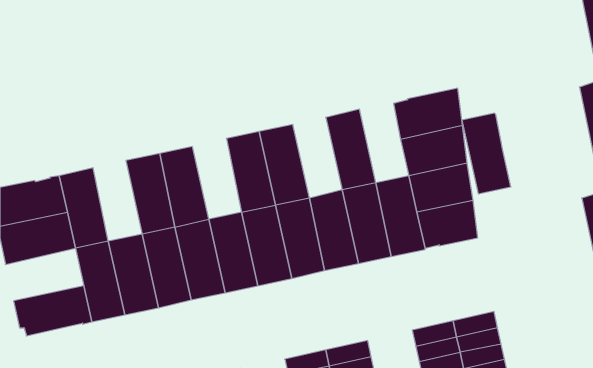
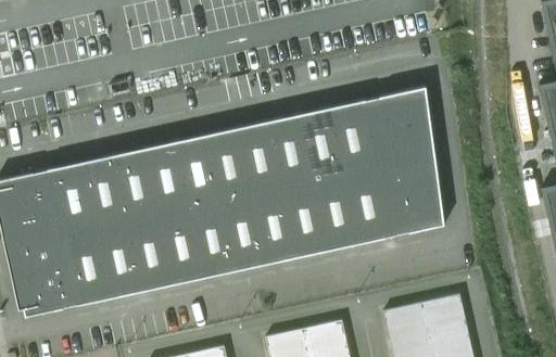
building: [462,113,511,194] -> [334,100,380,175]
building: none -> [273,114,318,189]
building: none -> [179,133,225,208]
building: none -> [87,154,132,229]
building: none -> [5,235,78,284]

